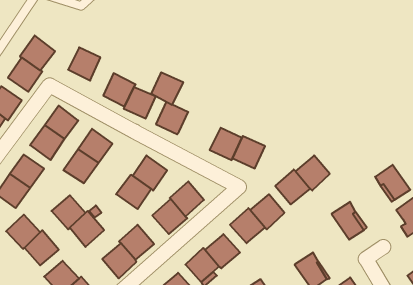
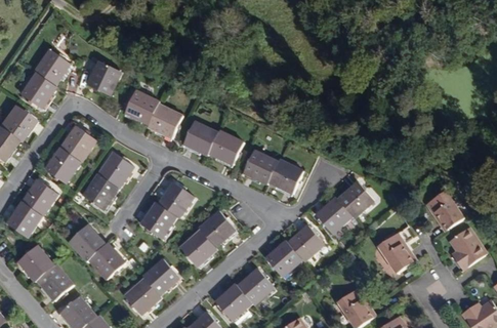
building: [151,72,183,105] -> [208,130,244,166]

